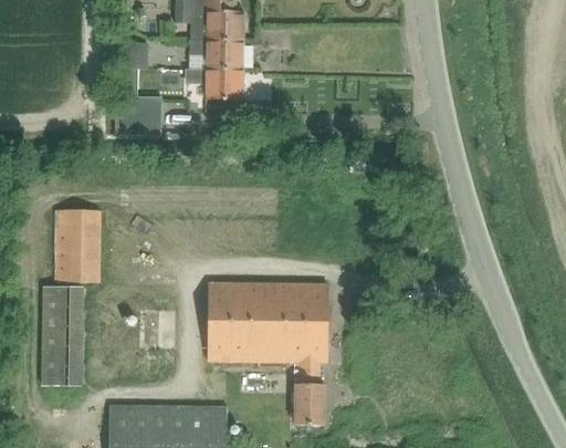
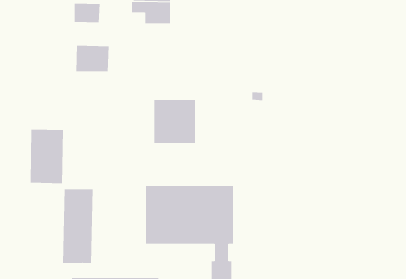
building: [188,69,242,98] -> none
building: none -> [154,99,196,144]
building: [41,285,83,385] -> [62,189,94,263]

